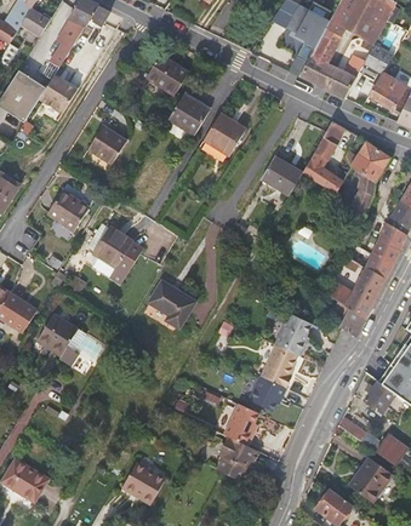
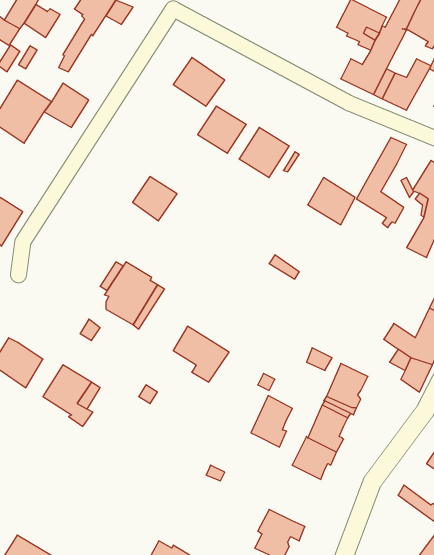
building: [89,125,126,162] -> [133,177,177,221]
building: [46,188,89,229] -> none
building: [224,402,259,446] -> [251,396,292,447]

